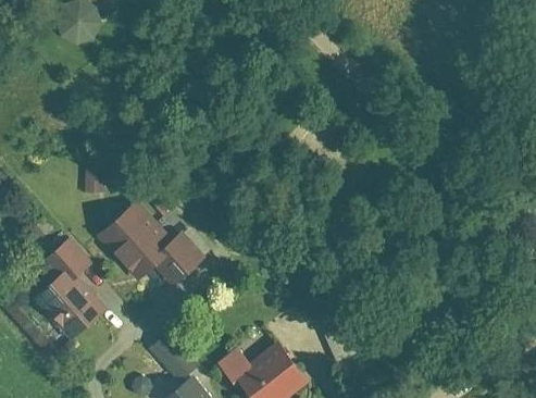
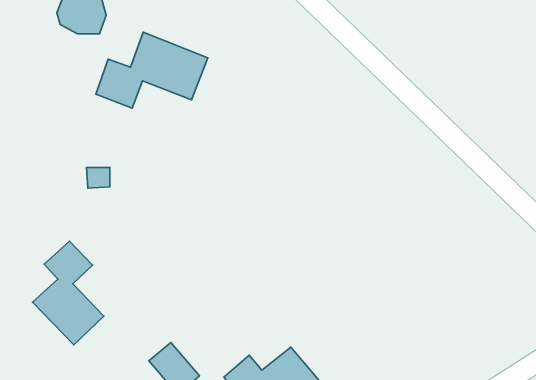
building: none -> [96,32,208,108]
building: [98,206,204,283] -> none

